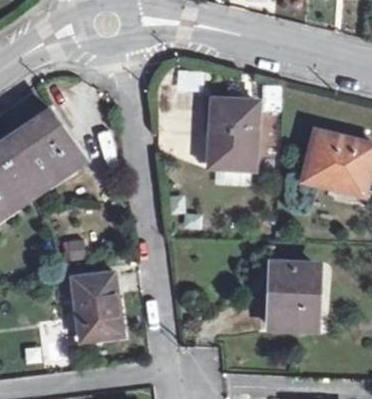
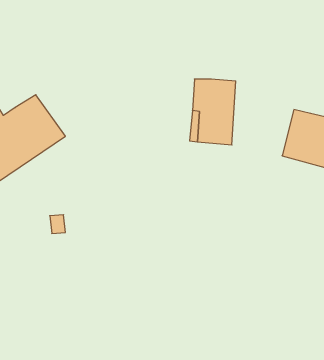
building: [275,265,318,324] -> none
building: [73,272,120,337] -> none

